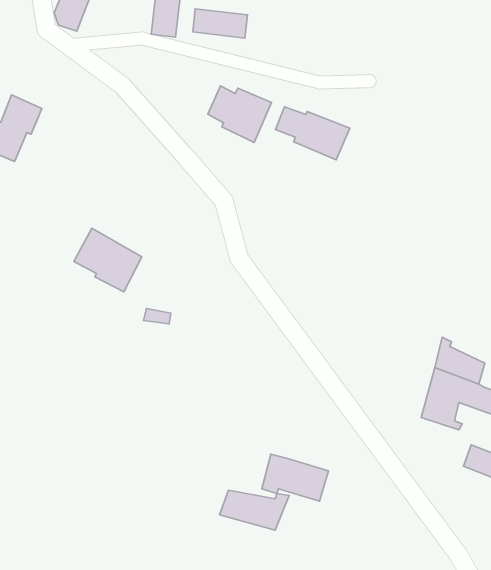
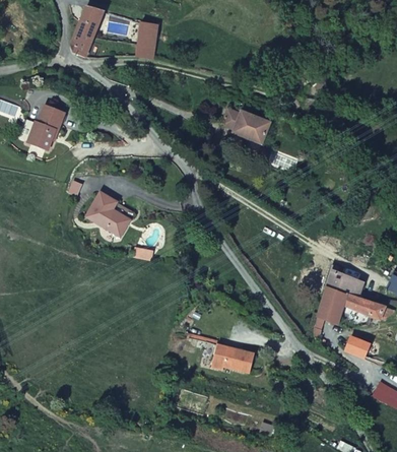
building: [193,9,247,38] -> none
building: [208,86,271,142] -> none
building: [220,490,289,530] -> none

